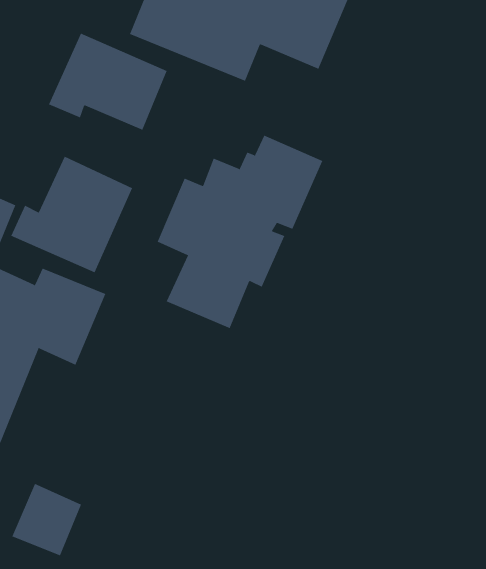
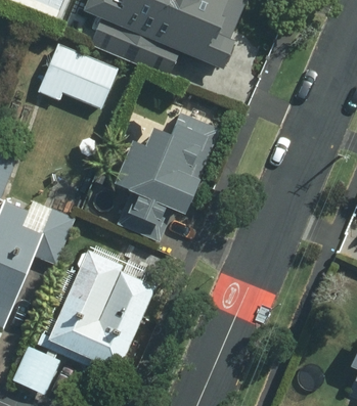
building: [11,156,133,273] -> none
building: none -> [39,249,153,378]

